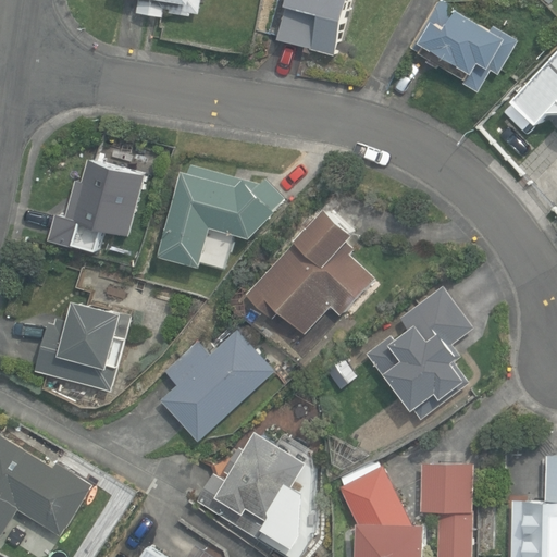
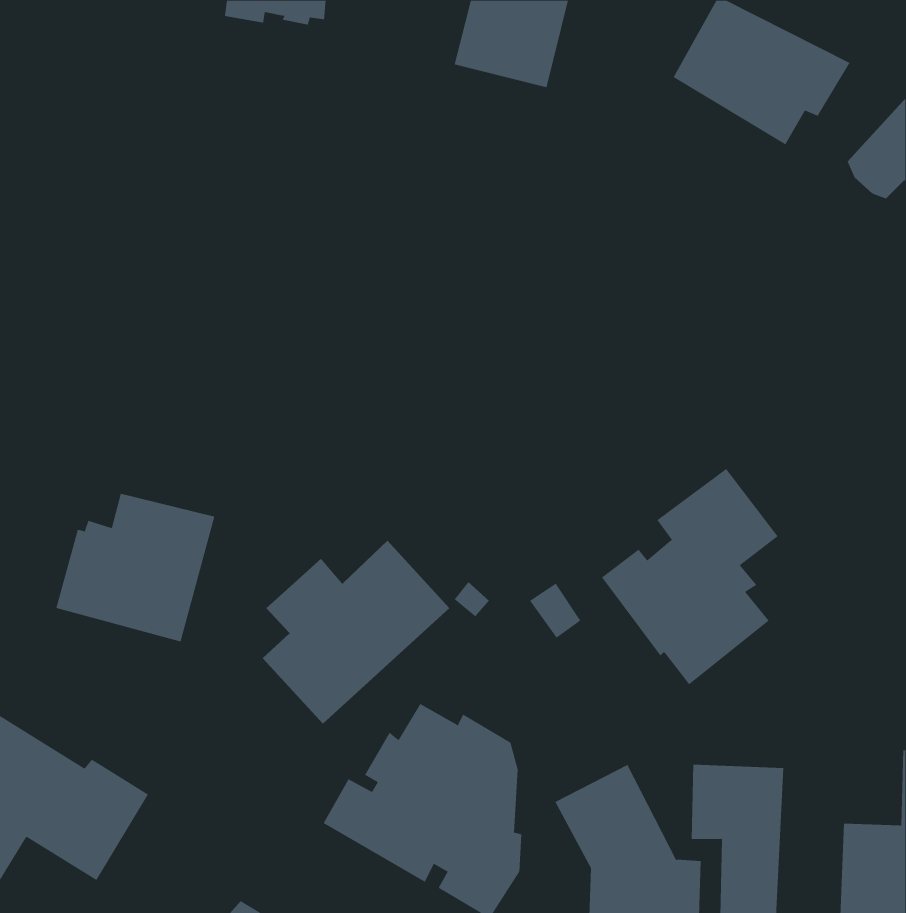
building: [47,159,145,247] -> none
building: [160,169,284,269] -> none
building: [243,207,374,334] -> none

